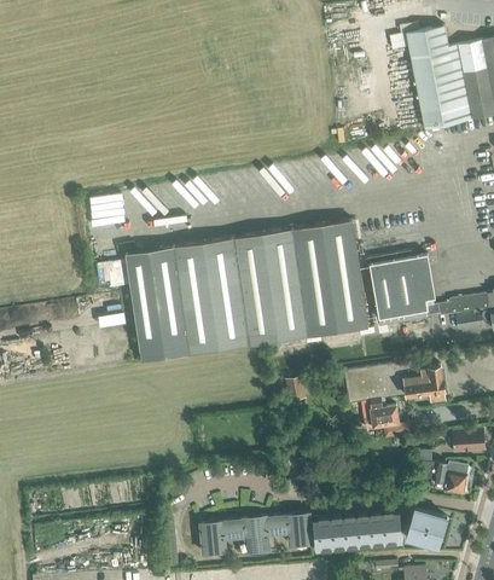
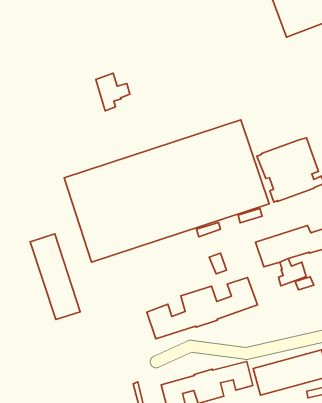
building: none -> [96,73,130,111]
building: none -> [30,234,80,320]
building: none -> [147,277,257,339]

